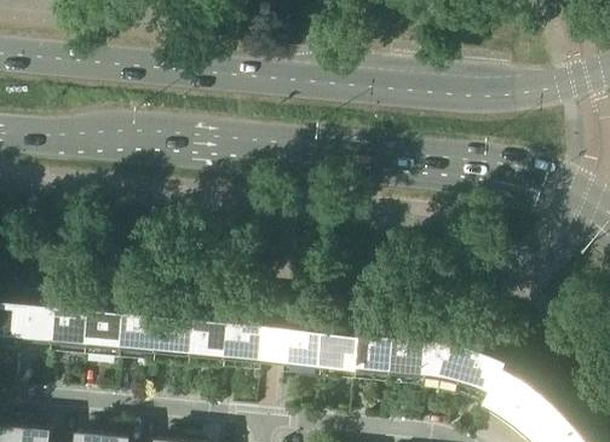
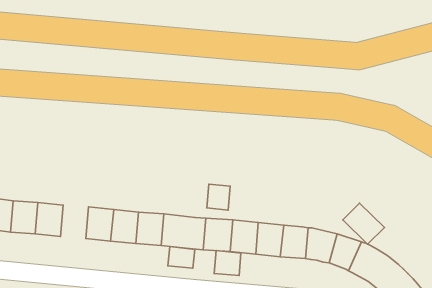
building: none -> [207,184,230,210]
building: none -> [343,203,384,244]
building: [86,306,125,352] -> none
building: none -> [168,246,195,268]
building: none -> [214,251,241,276]

